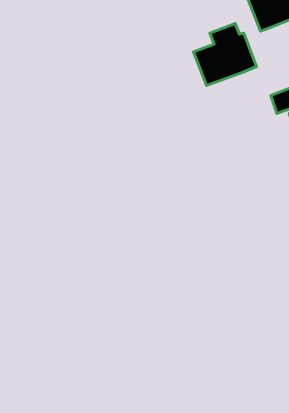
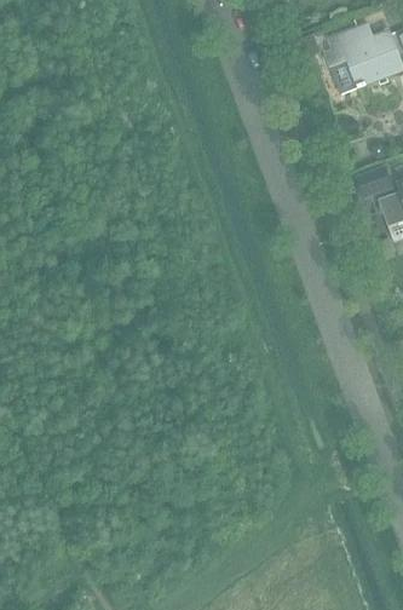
building: [194,24,257,85] -> none

